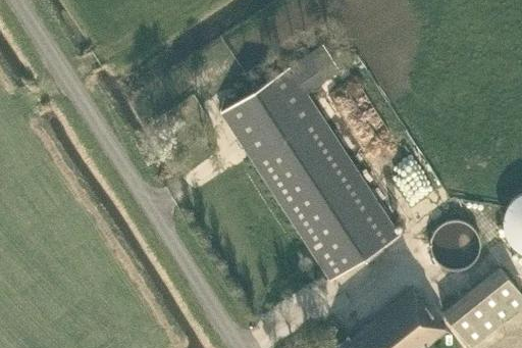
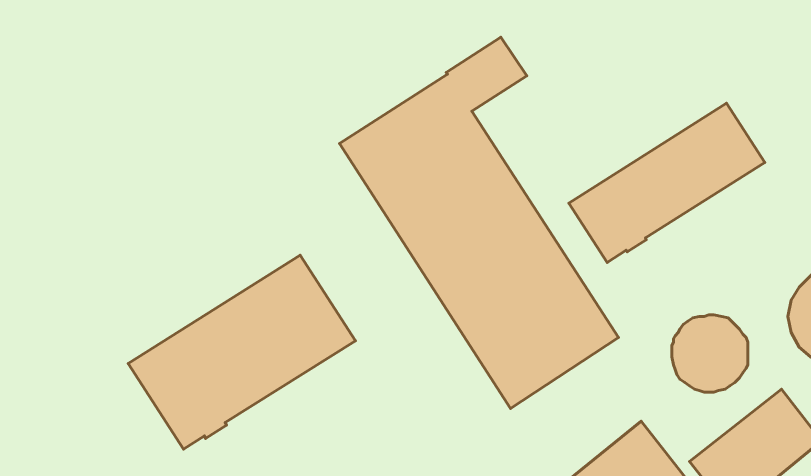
building: none -> [569,103,765,262]
building: none -> [128,255,356,449]

